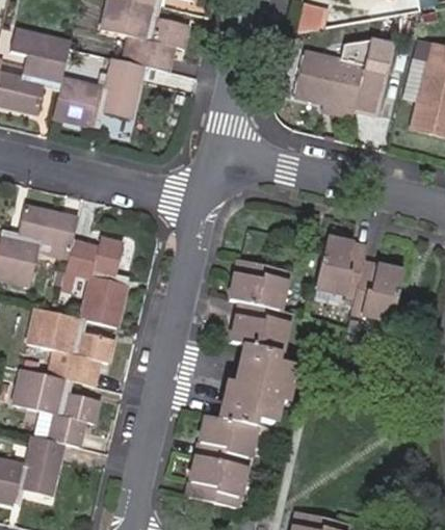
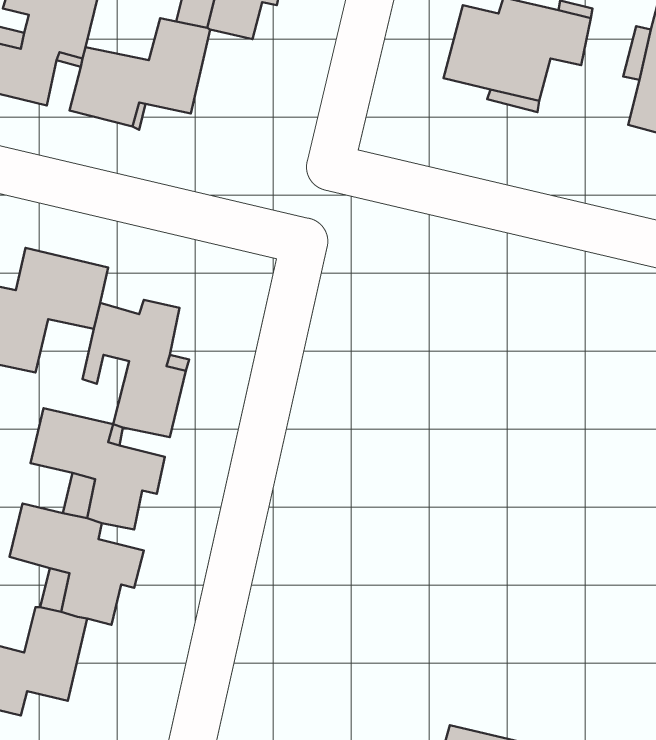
building: [315,237,403,319] -> none
building: [188,258,298,506] -> none

